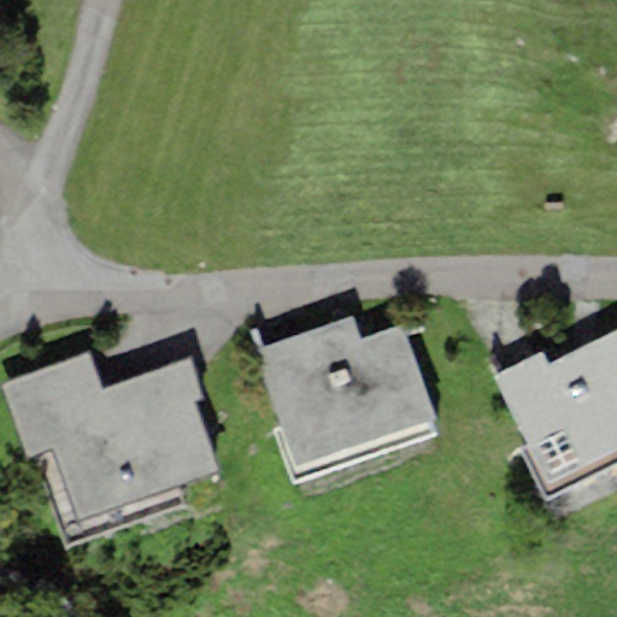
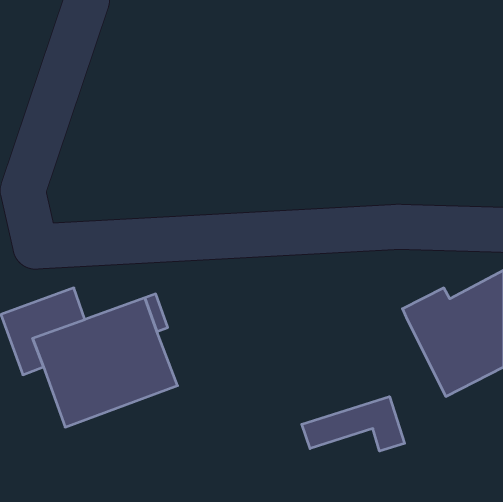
building: [255,316,435,466] -> none
building: none -> [302,397,405,451]

